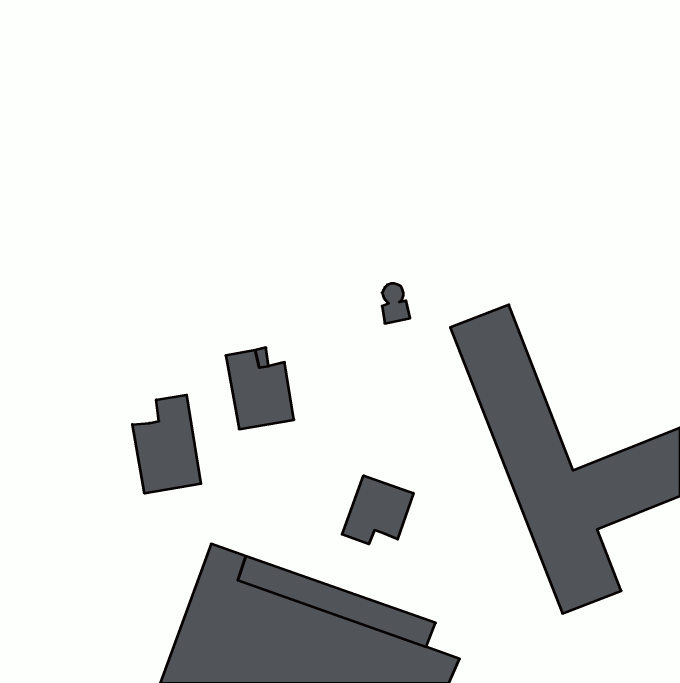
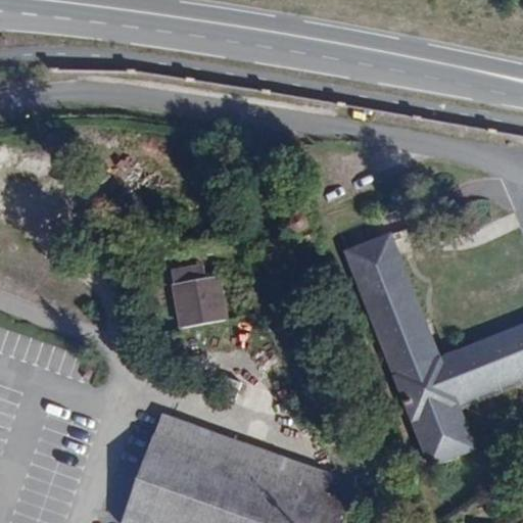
building: [132,395,201,493] -> none
building: [342,476,413,544] -> none

